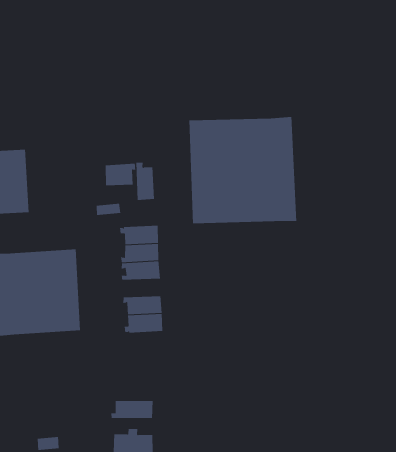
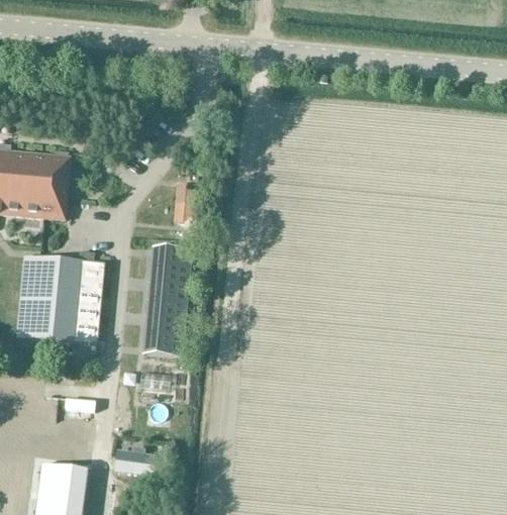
building: [189,116,297,224] -> none
building: [105,163,136,186] -> none
building: none -> [144,298,185,319]
building: [111,400,153,419] -> none

